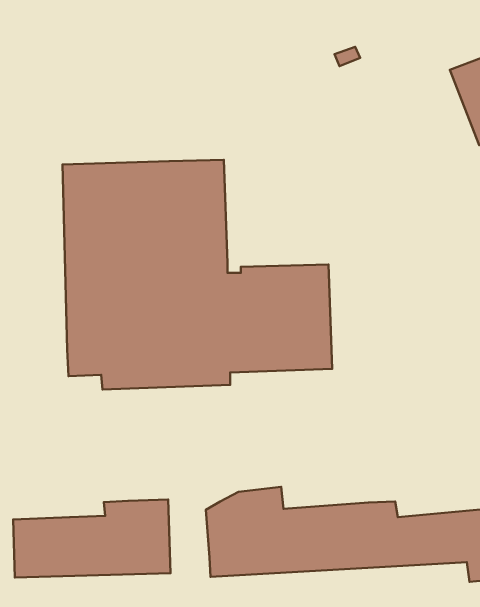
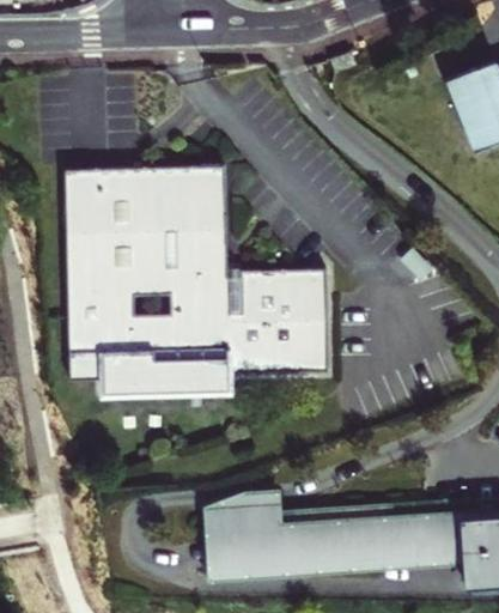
building: [13,500,171,578] -> none

